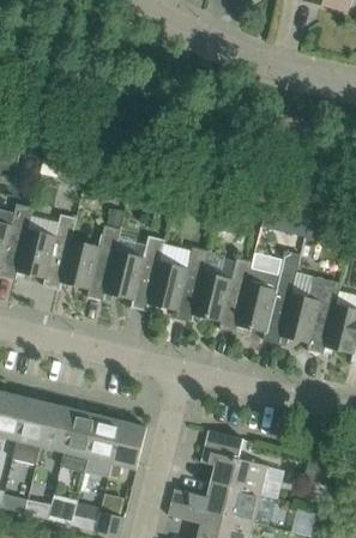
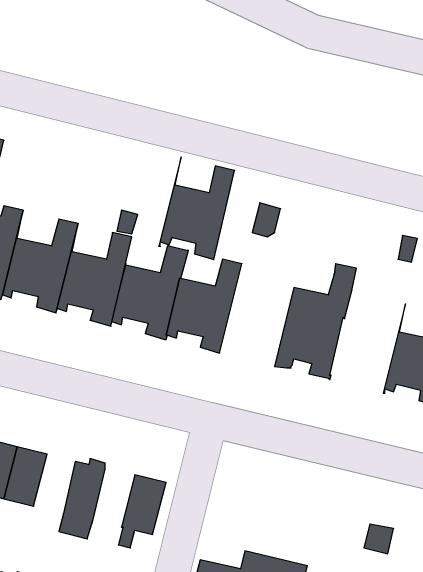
building: [189,250,251,333] -> [159,157,235,260]
building: [278,276,339,355] -> none
building: [40,404,73,452] -> none
building: [88,416,121,463] -> none
building: [199,430,267,494] -> none

